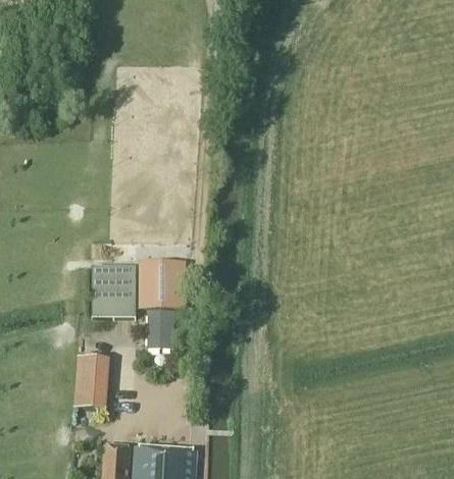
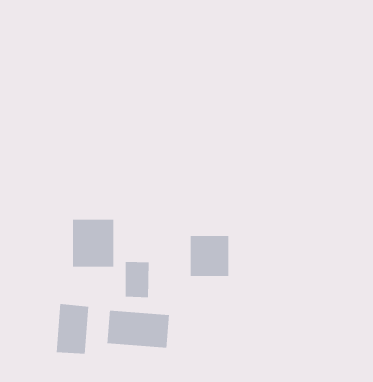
building: [141,262,183,306] -> [190,235,229,277]
building: none -> [107,310,170,349]

